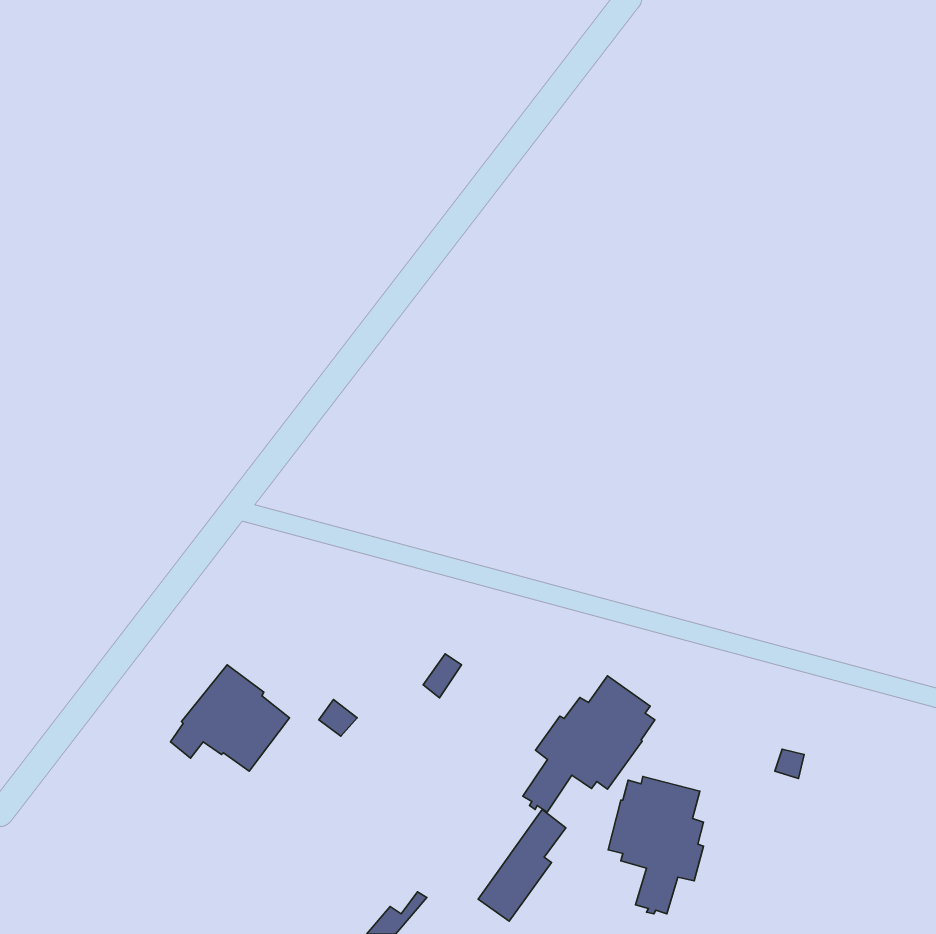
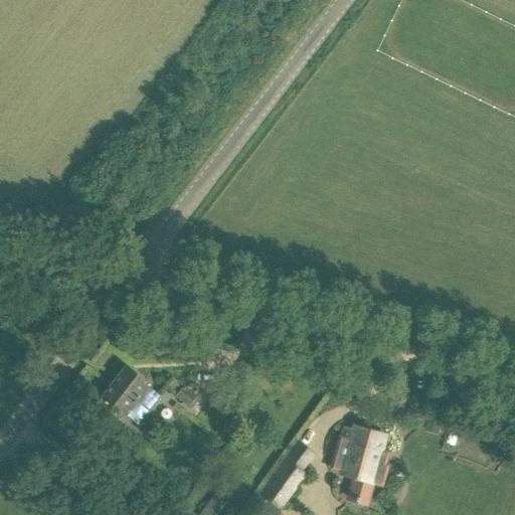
building: [523,676,655,812] -> none

